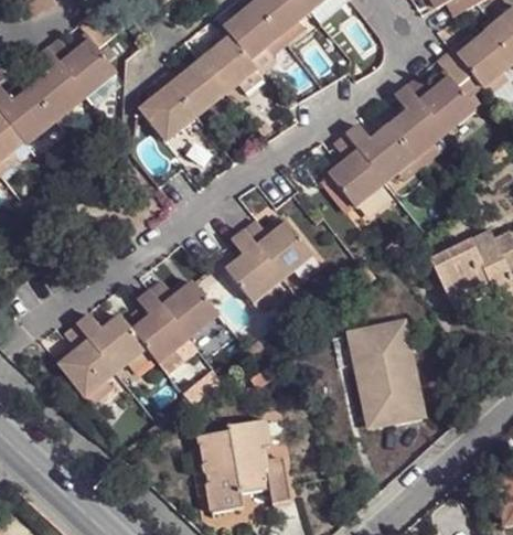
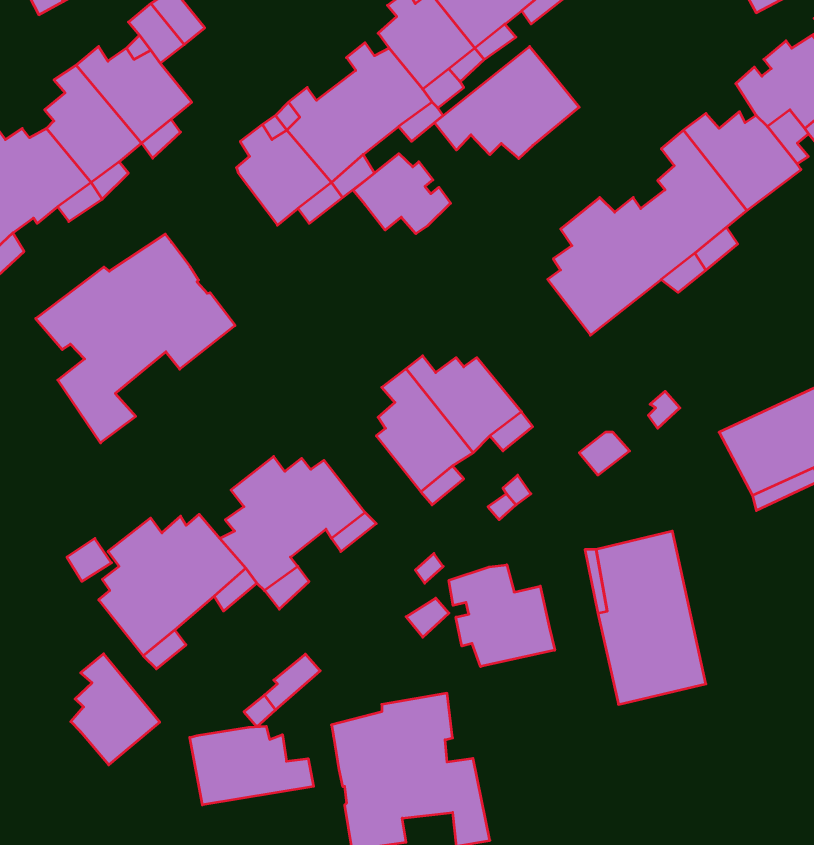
building: none -> [435,46,579,159]
building: none -> [353,154,451,234]
building: none -> [36,234,235,443]
building: none -> [449,565,555,667]
building: none -> [71,654,160,765]
building: none -> [190,726,314,805]

